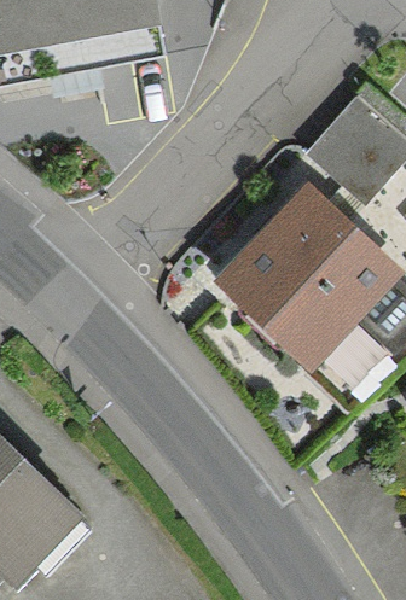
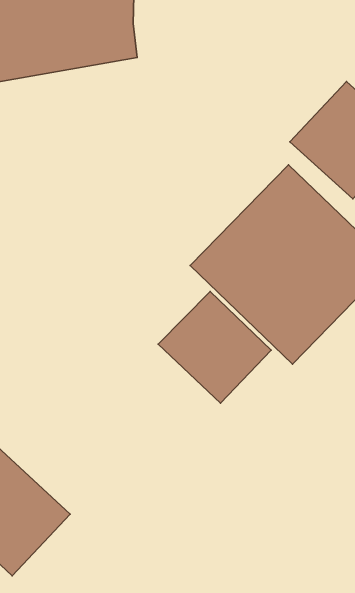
building: none -> [158,291,271,403]

